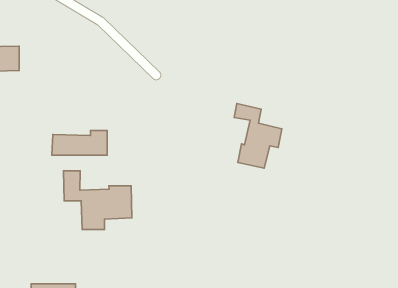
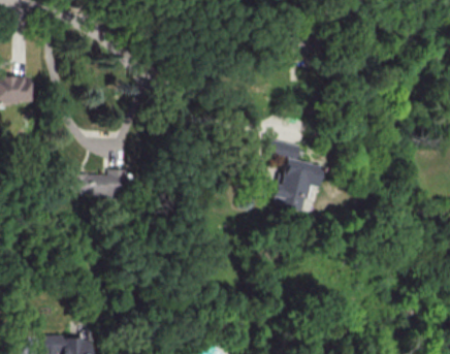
building: [63,171,132,229] -> none

